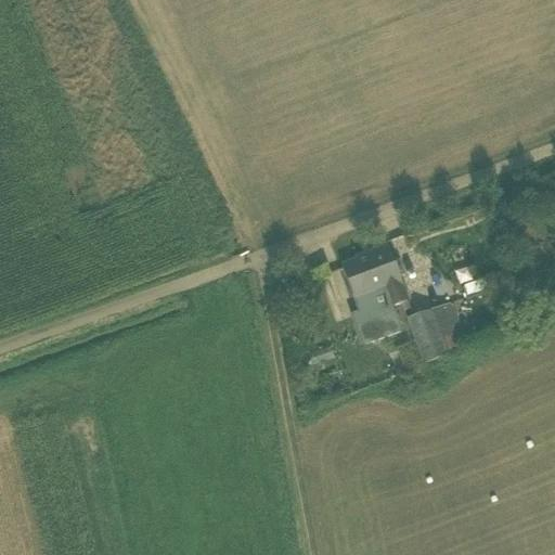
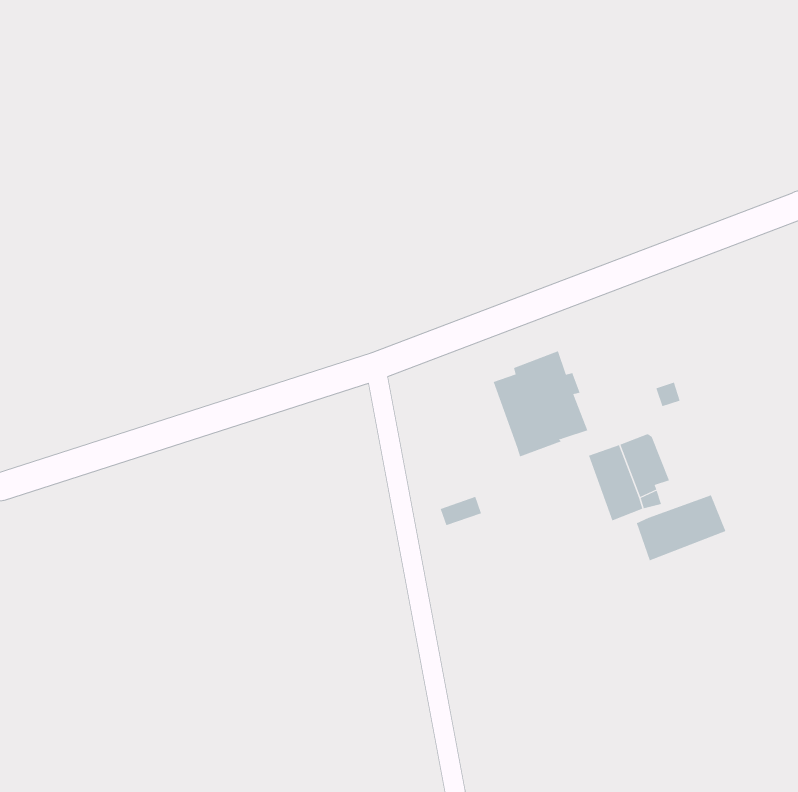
building: [352,304,401,341] -> none
building: none -> [636,494,726,561]

